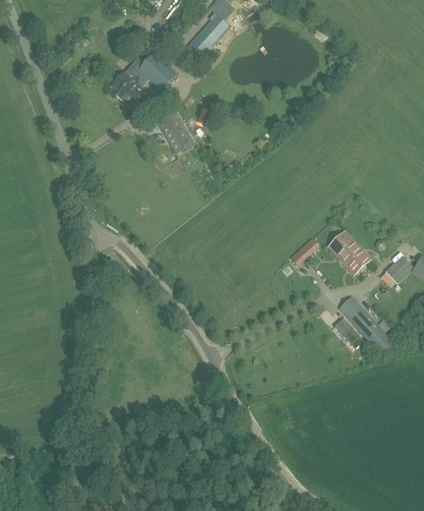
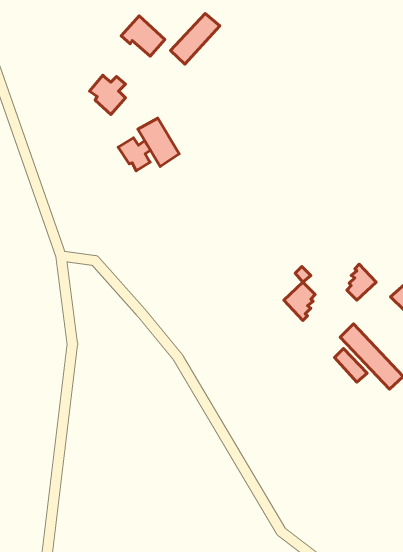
building: [136,52,176,89] -> [121,16,165,56]
building: none -> [118,138,150,171]
building: [327,229,356,264] -> [284,282,315,320]

